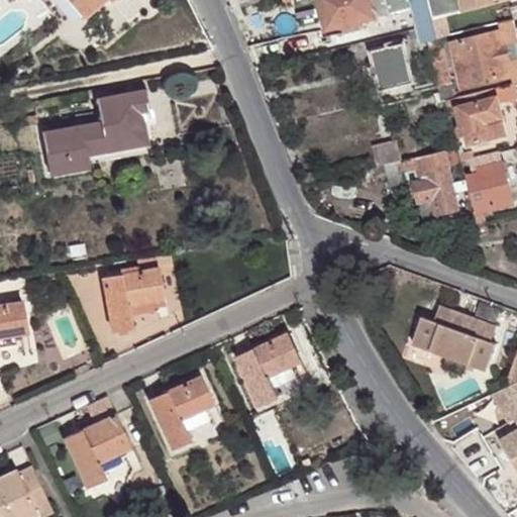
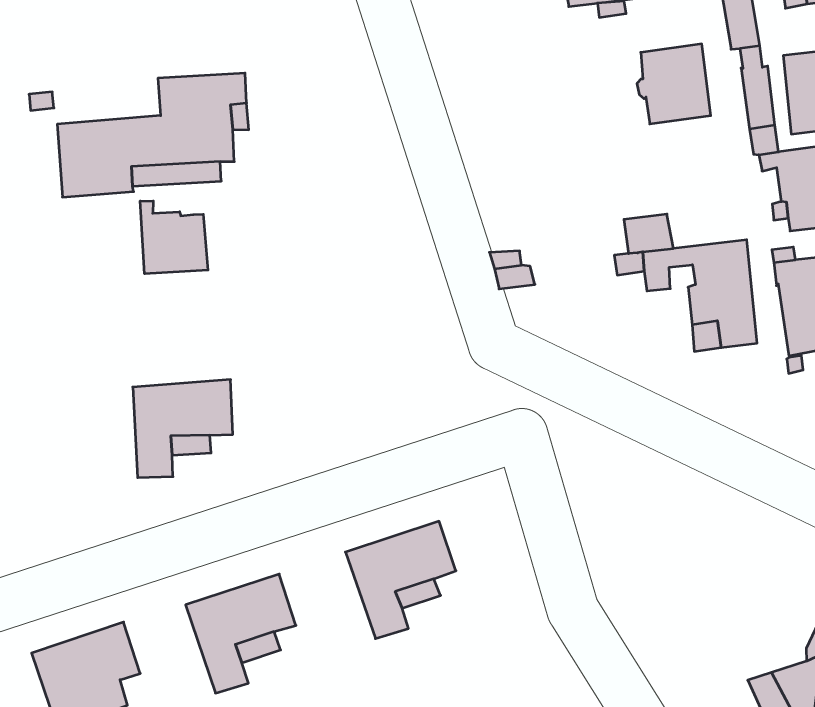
building: none -> [140,201,208,274]
building: [412,306,497,370] -> none

